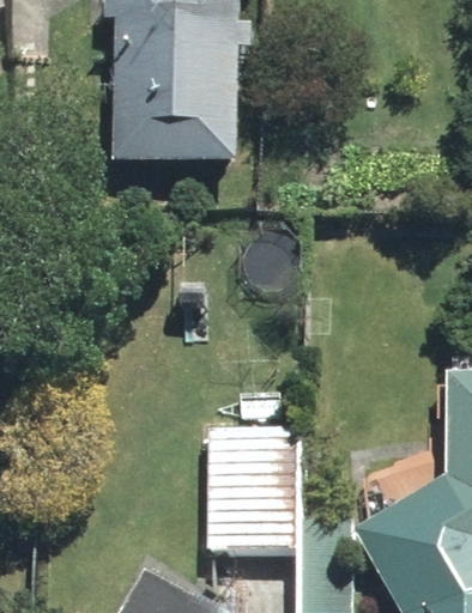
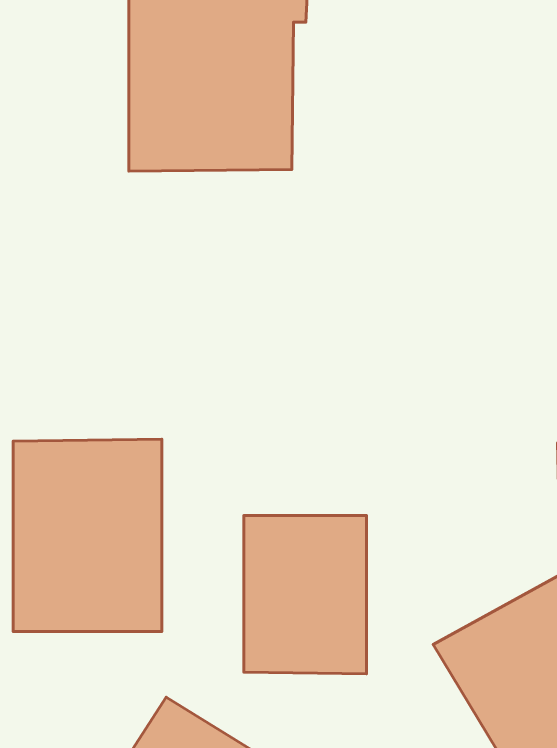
building: none -> [13,439,162,632]

